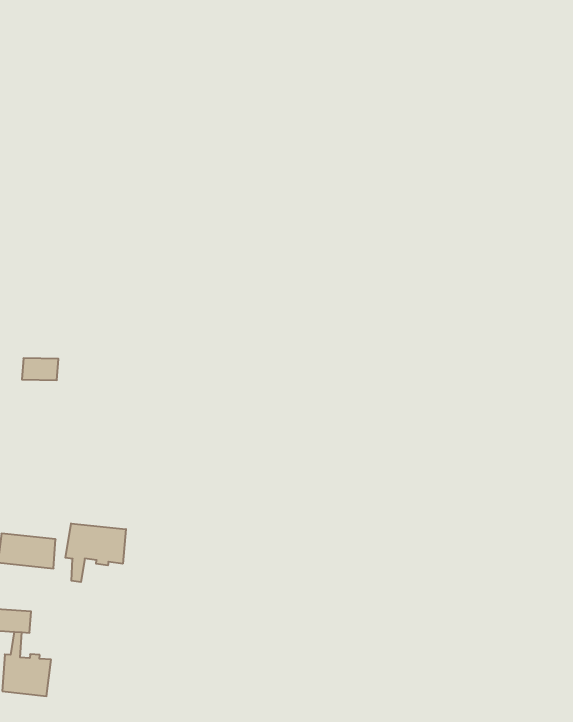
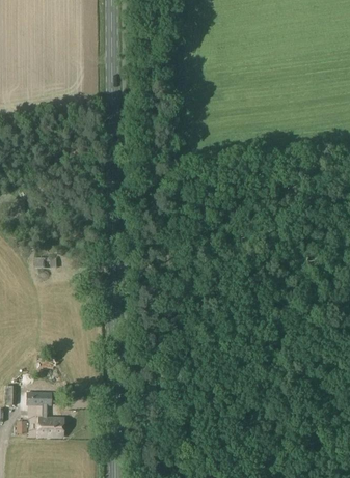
building: [65,523,126,582] -> none

